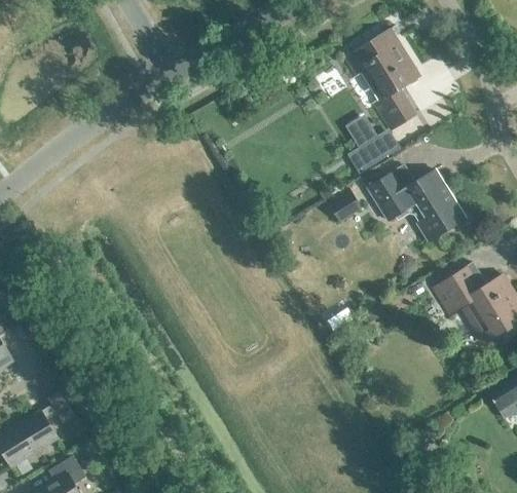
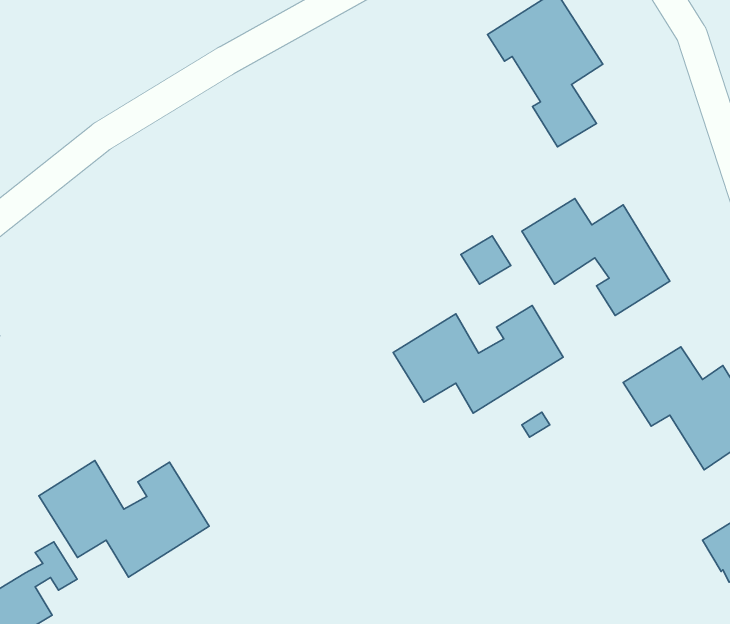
building: [349,119,383,174] -> none
building: none -> [393,305,563,413]
building: none -> [39,461,209,577]

